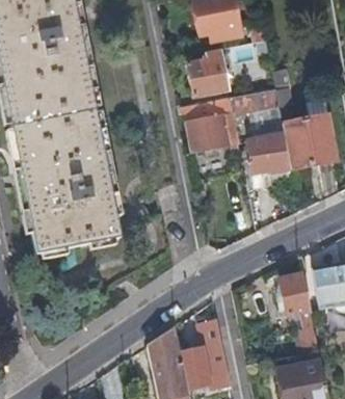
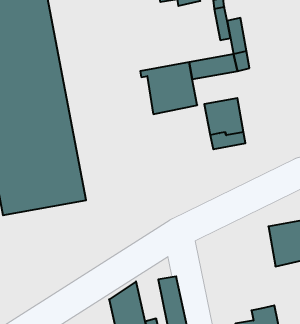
building: [185,49,225,96] -> none
building: [282,99,336,168] -> none
building: [278,274,317,352] -> none

